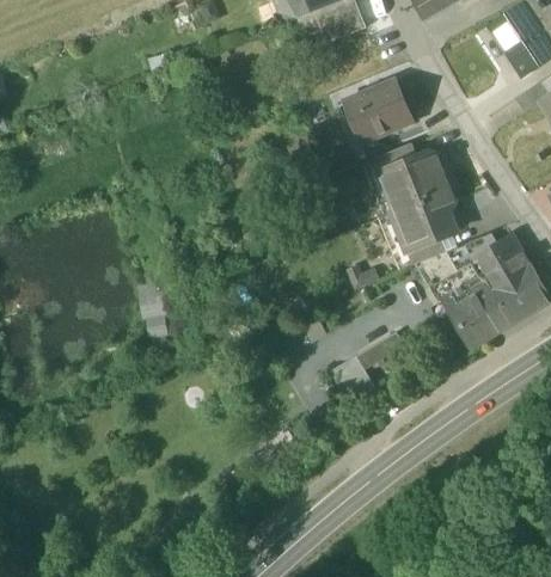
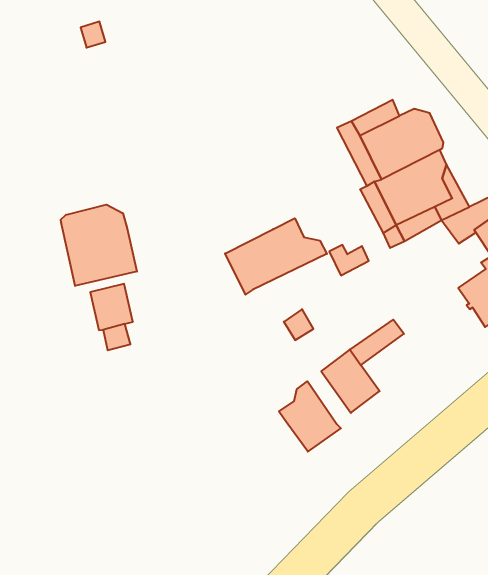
building: [345,79,414,139] -> none
building: none -> [61,205,137,286]
building: none -> [225,218,327,295]
building: none -> [279,381,341,452]

